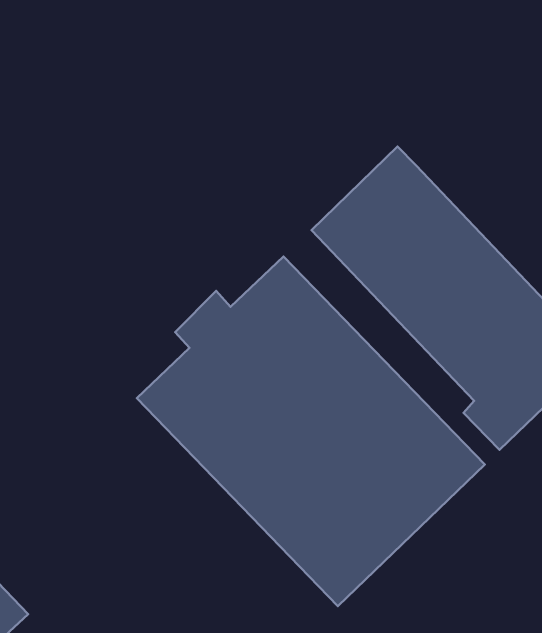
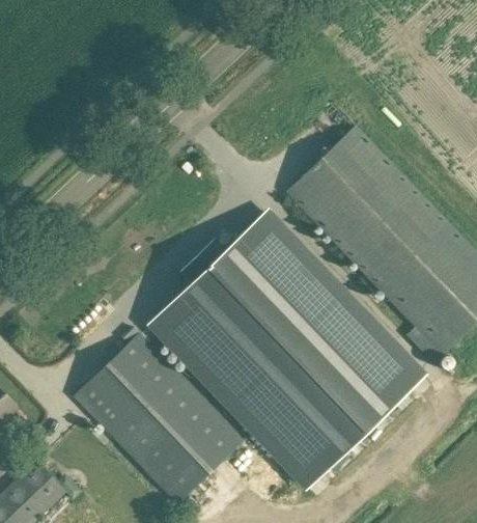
building: none -> [74,334,242,502]

